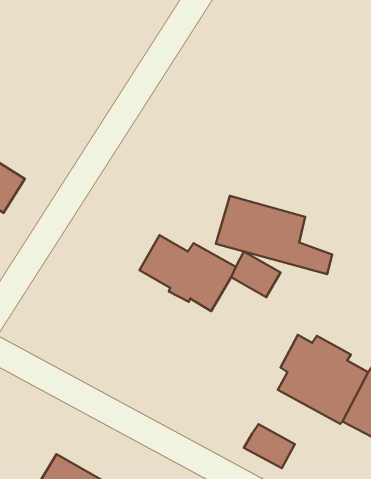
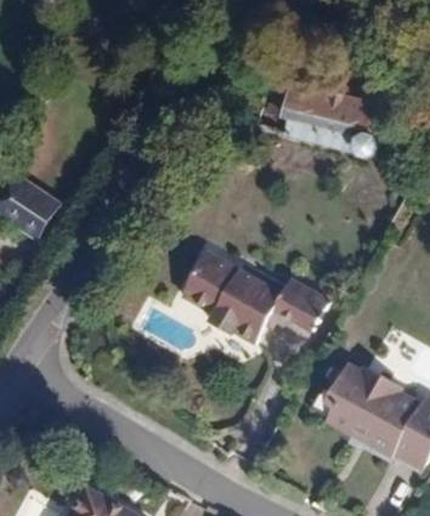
building: [216,196,332,274] -> [283,84,403,165]
building: [244,424,295,468] -> none

